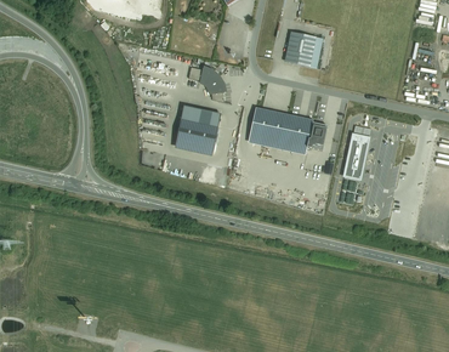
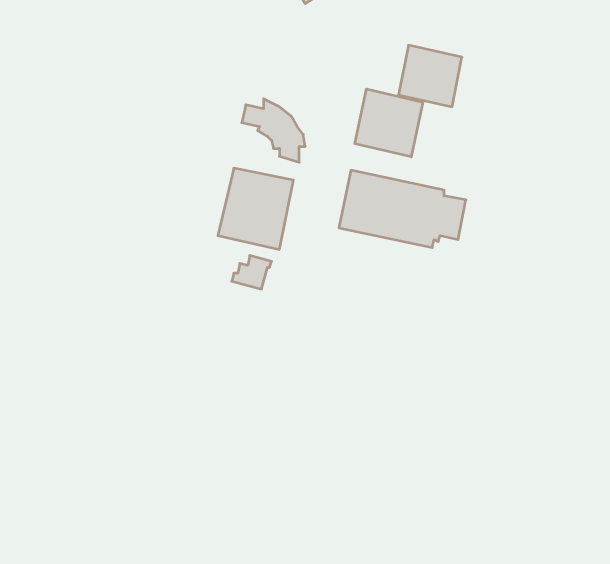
building: none -> [355,89,423,157]
building: [342,124,371,180] -> none

